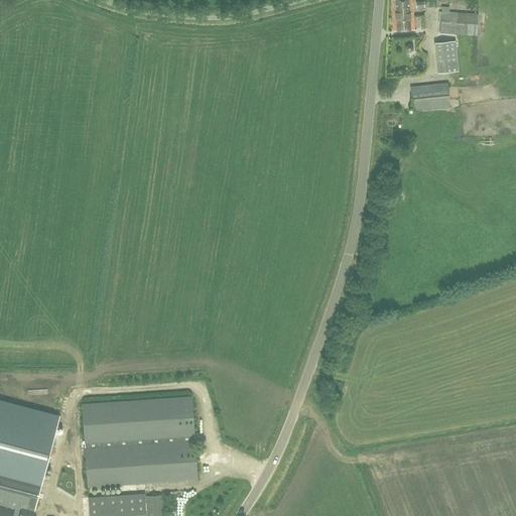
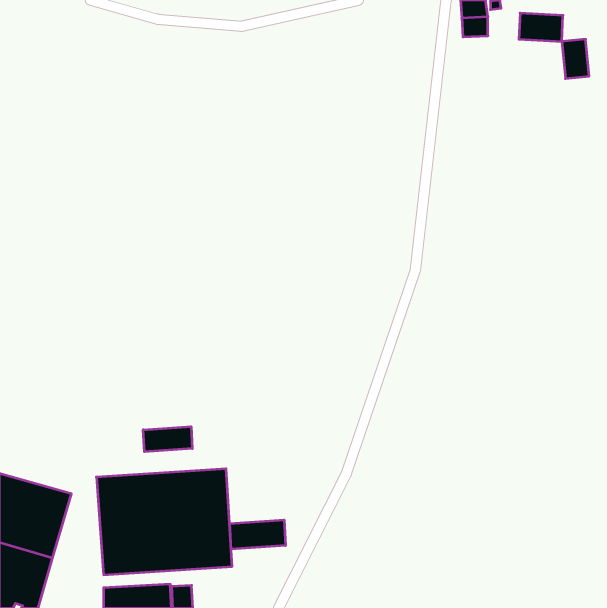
building: [433,40,457,74] -> [562,39,589,79]
building: [410,84,448,111] -> none
building: none -> [143,427,192,452]
building: none -> [230,520,285,549]

